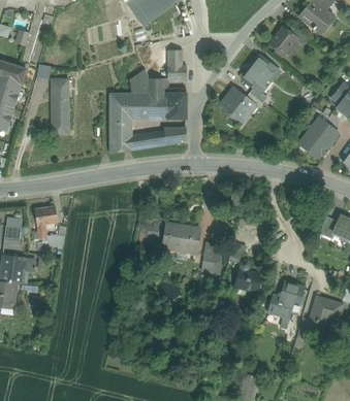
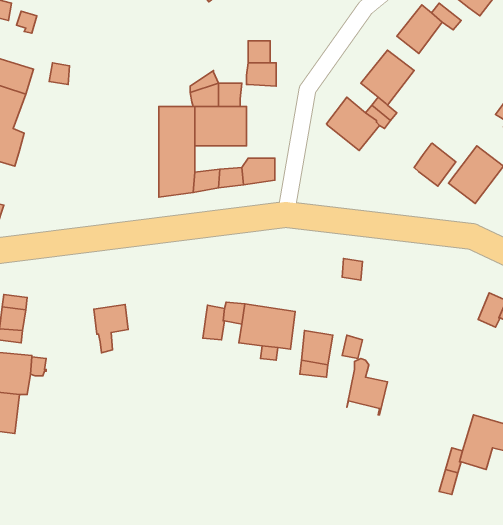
building: [52,78,69,134] -> none
building: [167,93,187,119] -> none
building: none -> [414,143,456,186]
building: [34,205,57,237] -> [94,304,128,353]
building: [267,280,304,318] -> none

